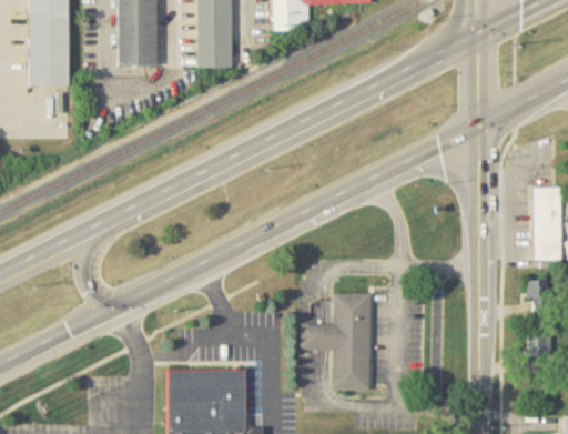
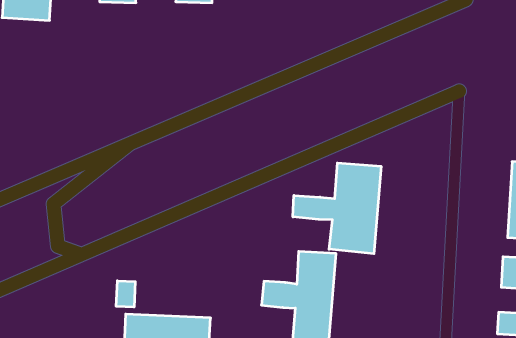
building: none -> [293,163,381,254]
building: none -> [116,281,135,307]

